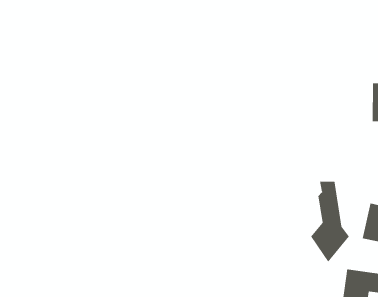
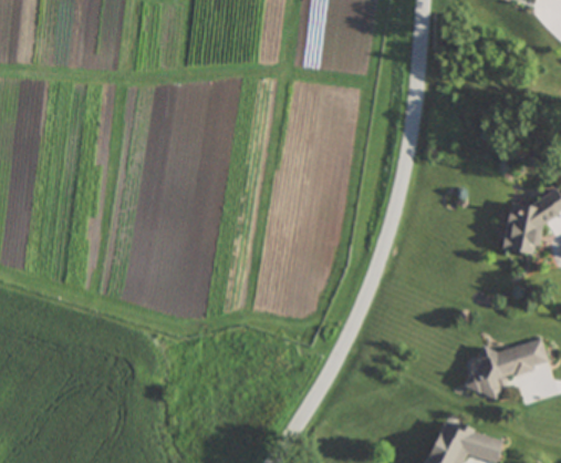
building: [310,181,350,263] -> none

